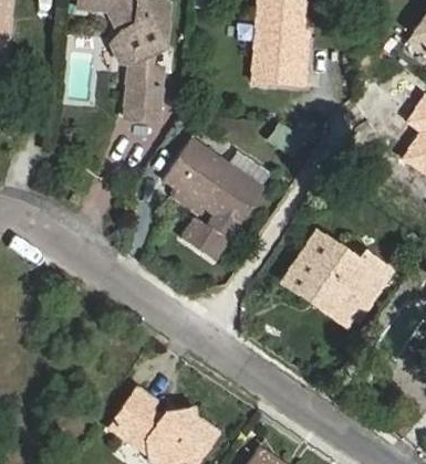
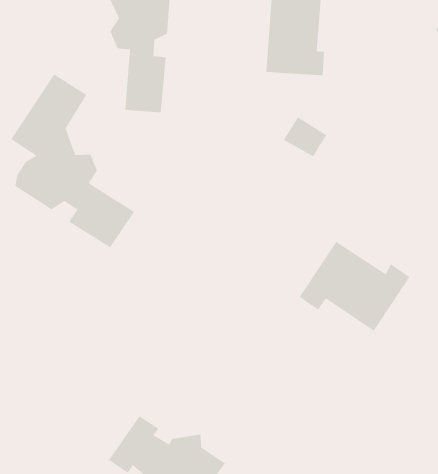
building: none -> [10,73,135,248]
building: [163,138,262,260] -> none

